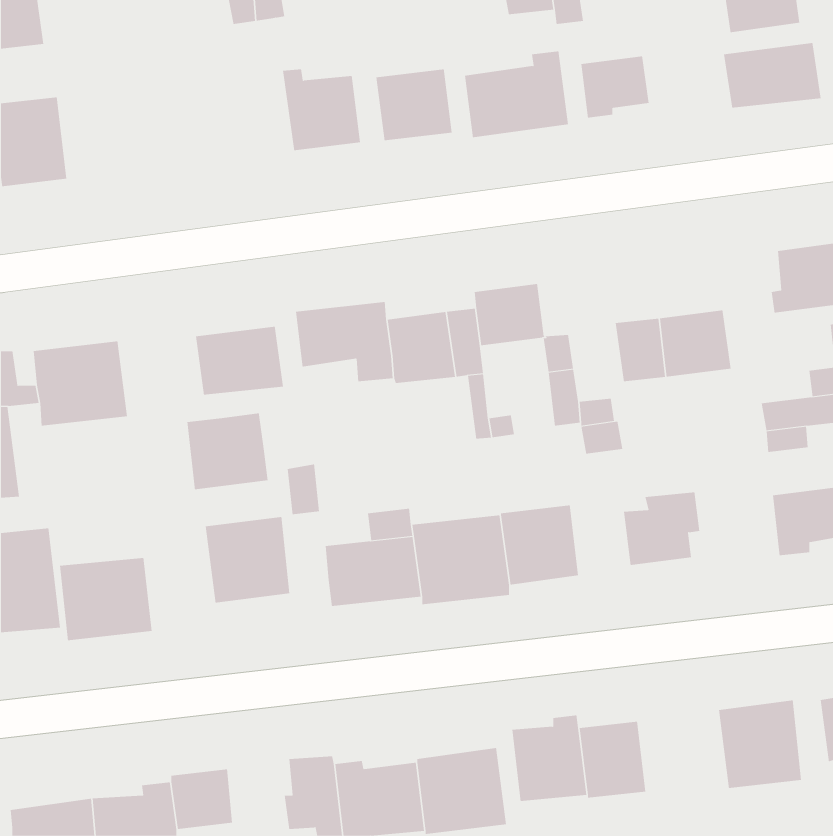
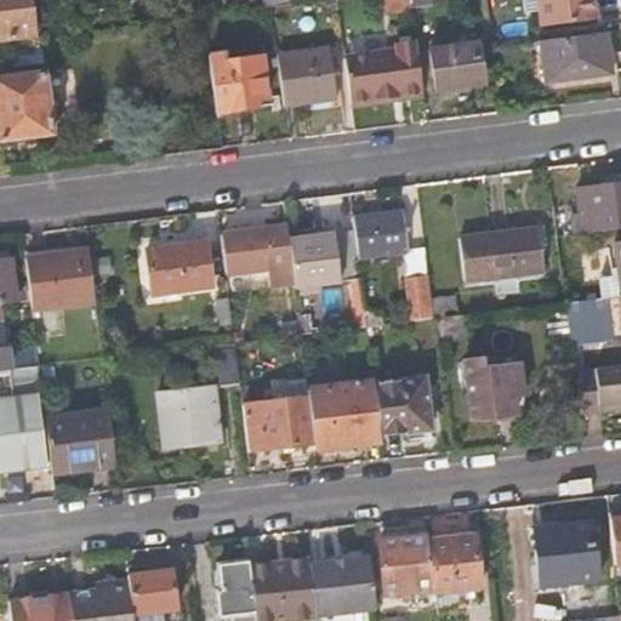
building: [187,412,268,490] -> none

